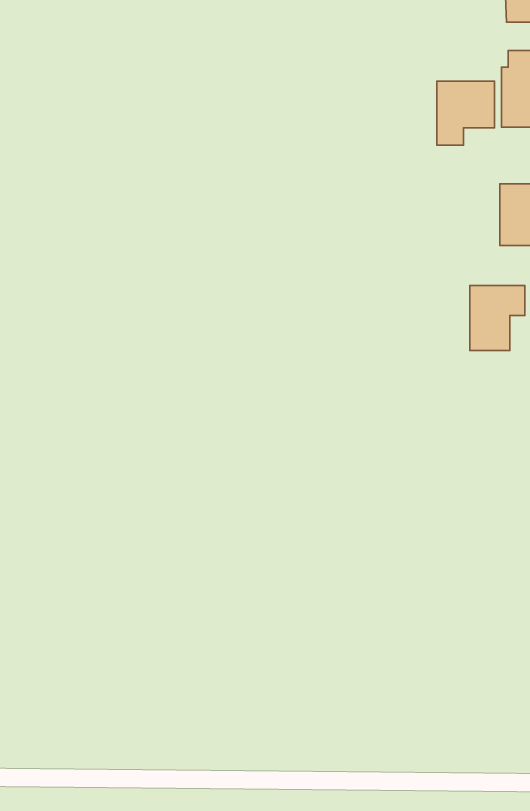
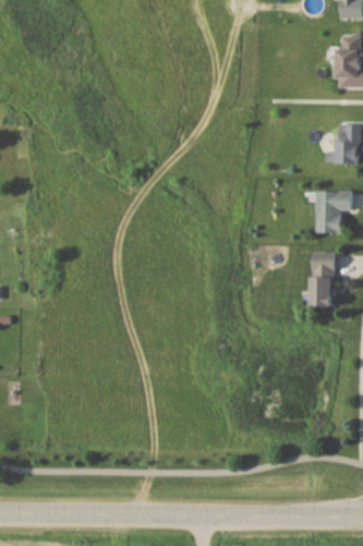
building: [437,81,495,145] -> none
building: none -> [311,253,334,307]

